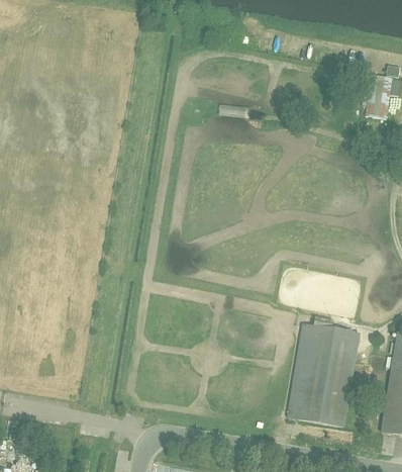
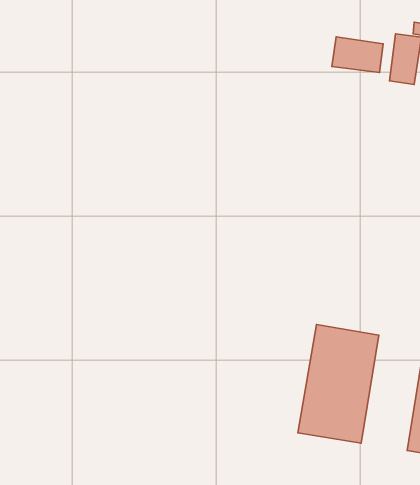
building: none -> [332,37,383,72]

